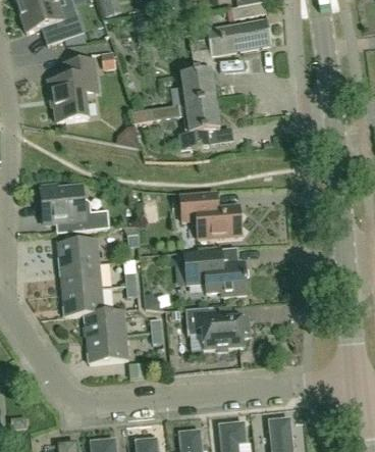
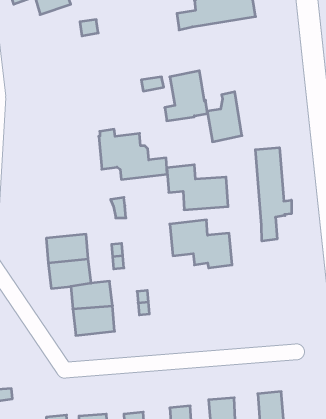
building: [177,54,212,104] -> [207,92,242,142]
building: [47,57,95,120] -> none
building: none -> [255,148,291,241]
building: [40,181,108,231] -> [99,129,167,179]
building: [57,237,99,265] -> none
building: [184,305,249,348] -> none

